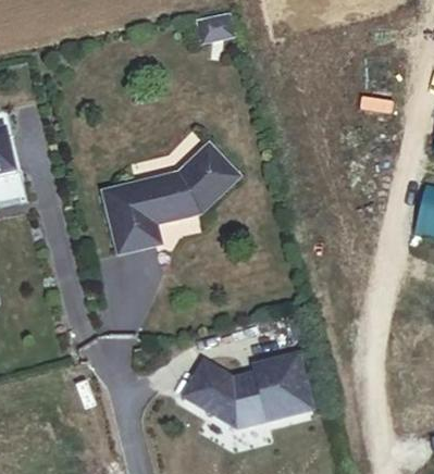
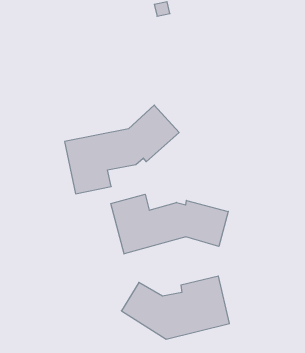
building: none -> [111,194,228,254]

